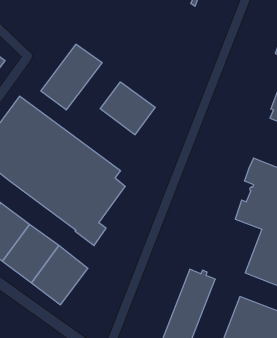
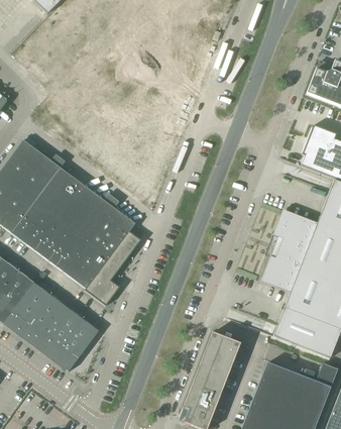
building: [41,44,102,110] -> none
building: [100,82,155,135] -> none

